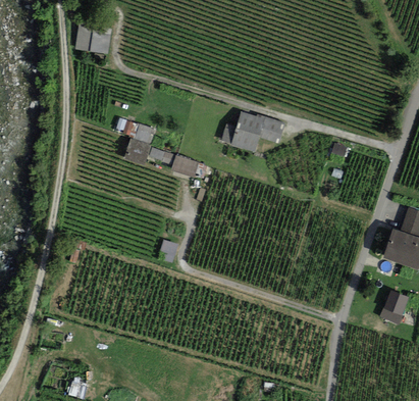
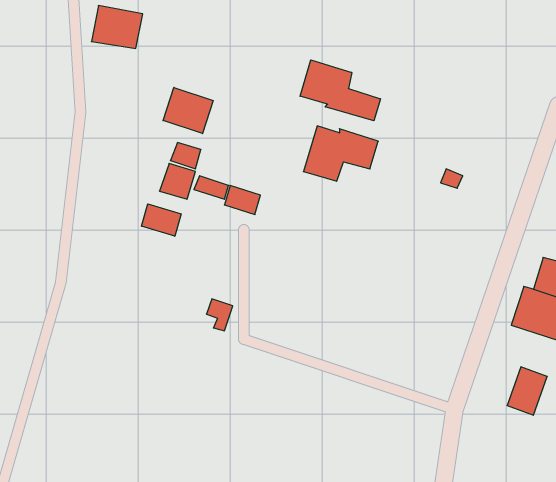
building: none -> [300,60,380,121]
building: none -> [163,87,213,134]
building: none -> [142,204,181,236]

